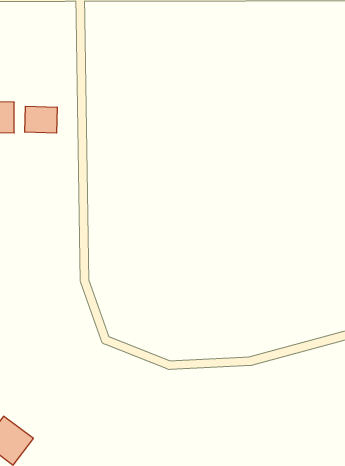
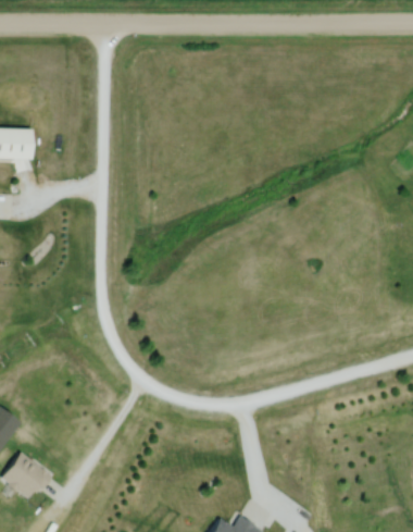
building: [25,106,57,133] -> none

